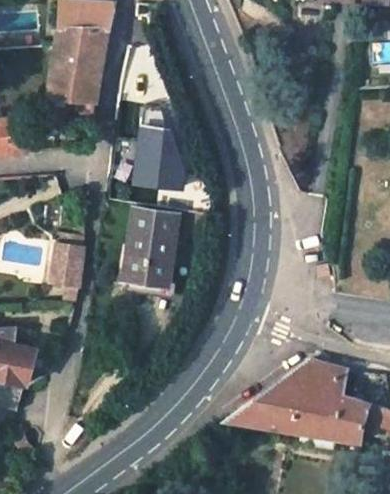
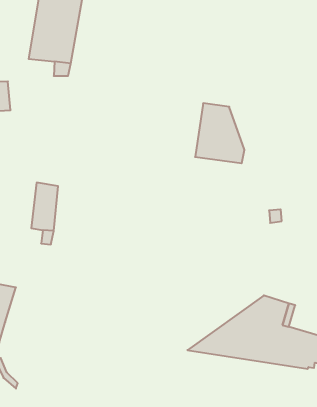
building: [131,123,186,190] -> [195,103,244,163]
building: [125,209,179,285] -> none

